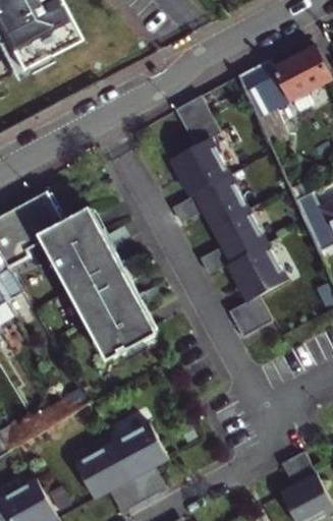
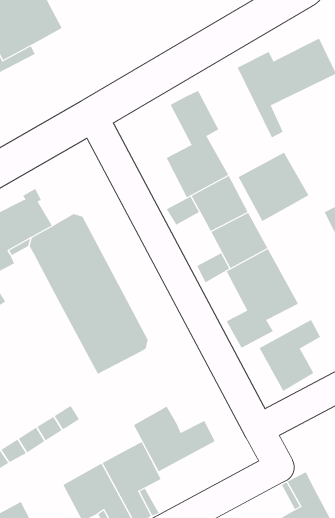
building: none -> [238,152,309,222]
building: none -> [259,319,321,392]
building: none -> [133,406,216,472]

